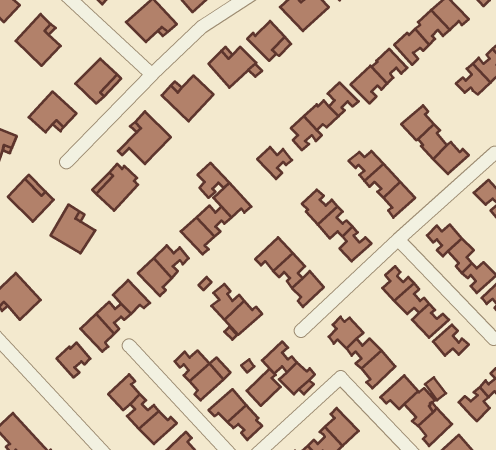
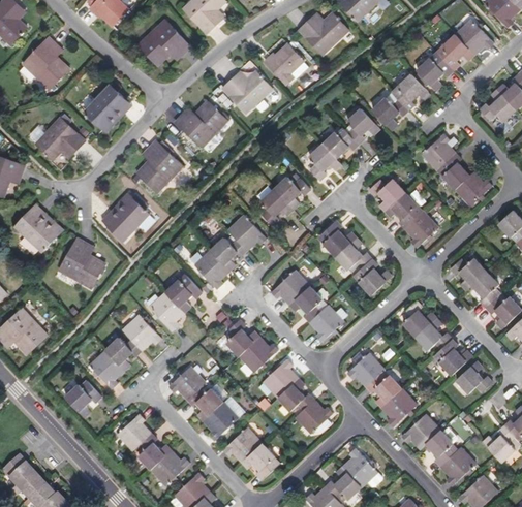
building: [198,163,229,198] -> [259,188,293,224]
building: none -> [167,365,206,399]
building: [247,369,281,406] -> [264,359,299,398]

